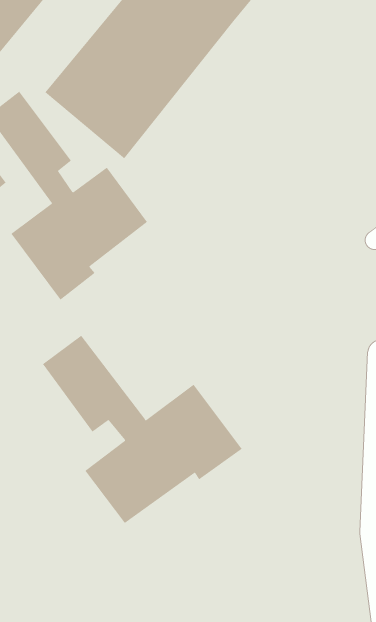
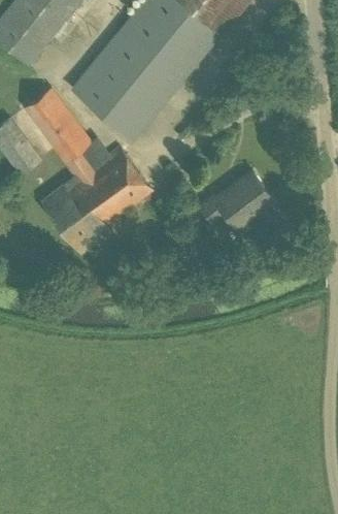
building: none -> [199,170,274,240]
building: [42,335,242,524] -> none

